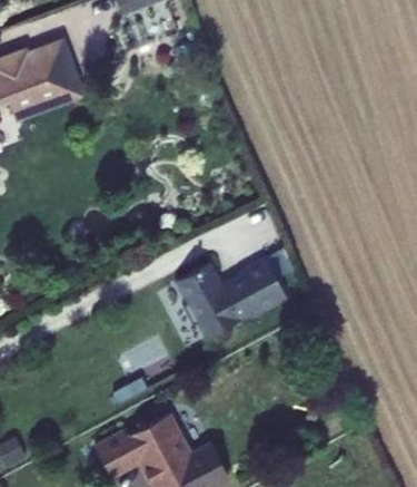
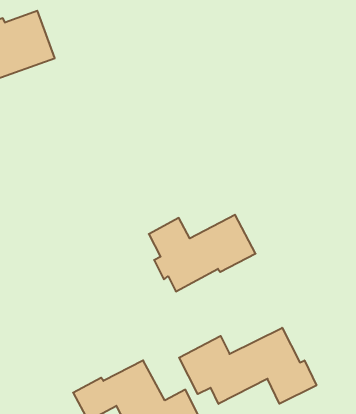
building: none -> [179,328,316,404]

